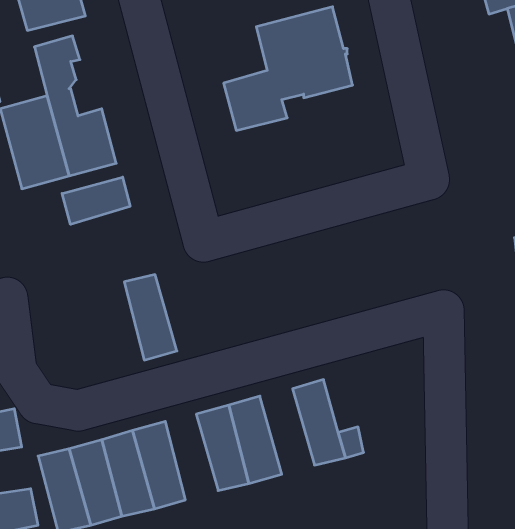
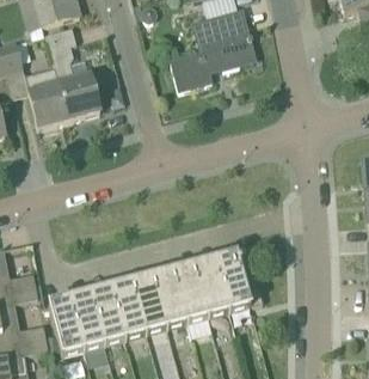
building: [62,177,130,224] -> none
building: [124,275,177,360] -> [131,275,166,331]
building: none -> [193,258,229,314]

